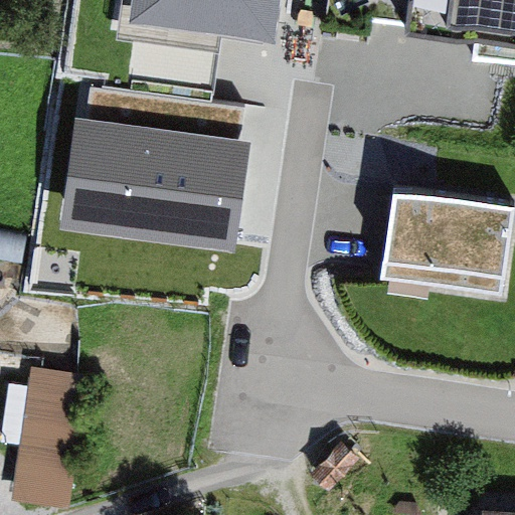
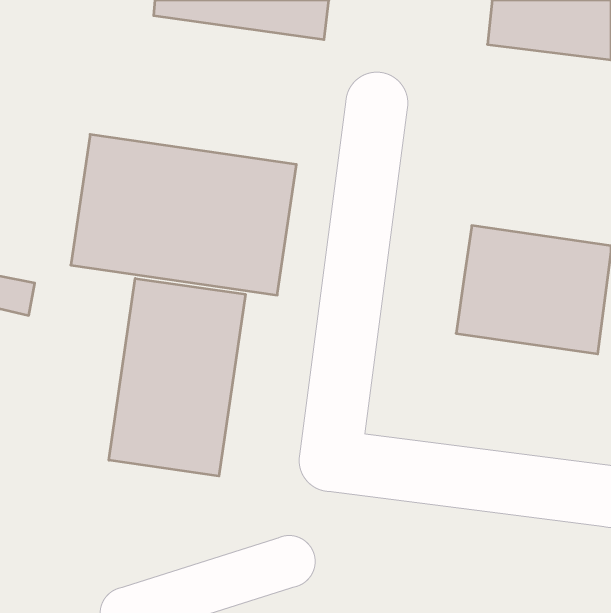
building: none -> [109,278,245,476]
building: [12,370,84,508] -> none

